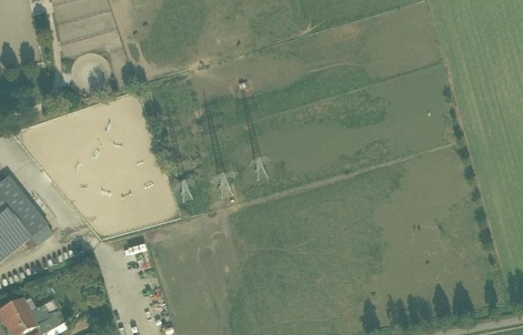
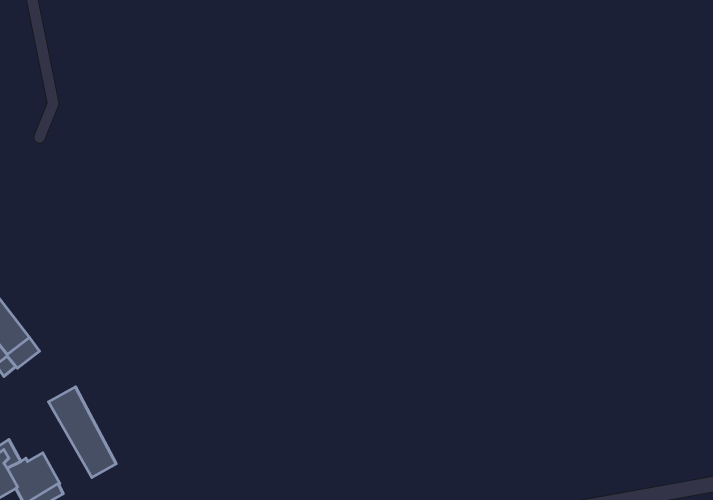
building: none -> [49,387,116,478]

